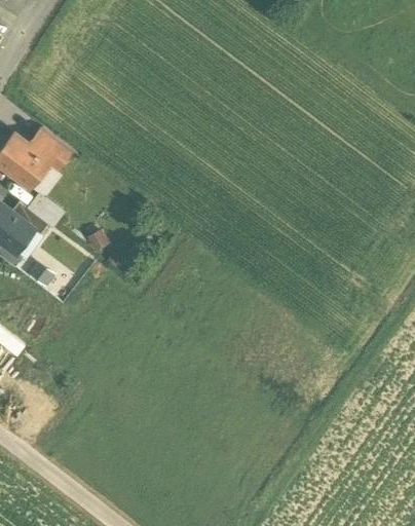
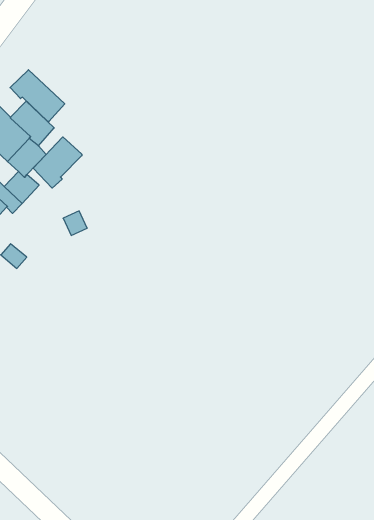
building: none -> [10,70,65,122]
building: none -> [33,137,82,188]

